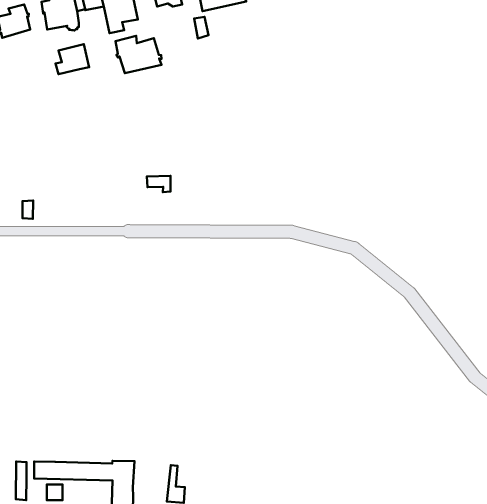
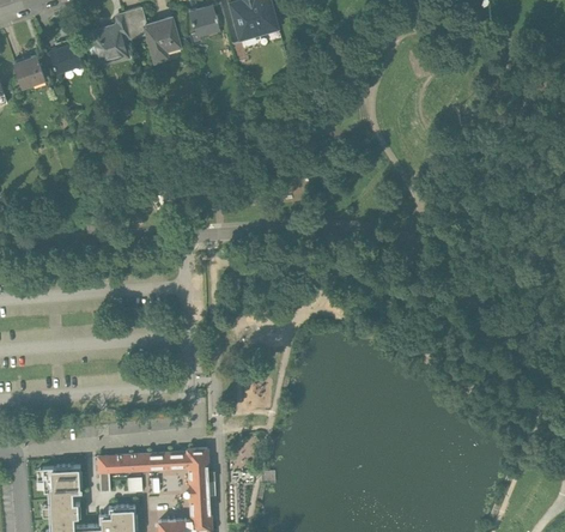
building: [116,36,162,73] -> none
building: [56,44,89,74] -> none

